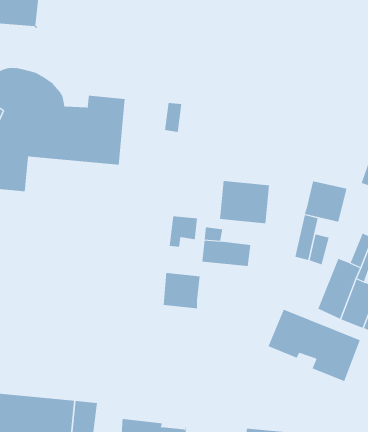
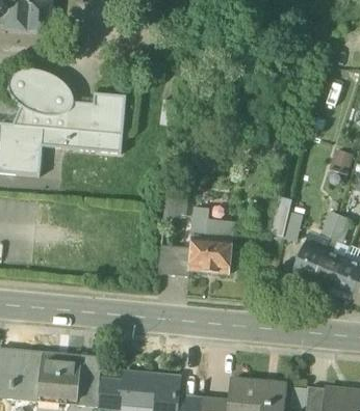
building: [219,180,270,224] -> [188,235,232,272]
building: [304,180,347,222] -> none
building: [268,309,361,382] -> none

